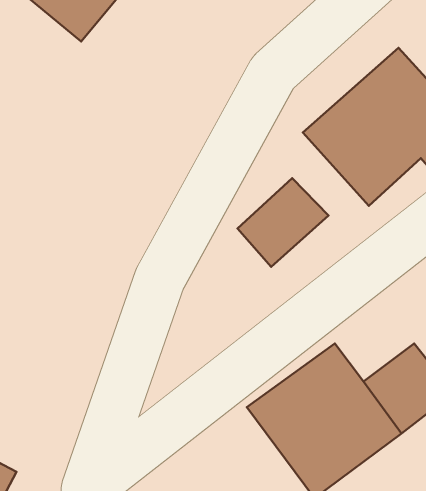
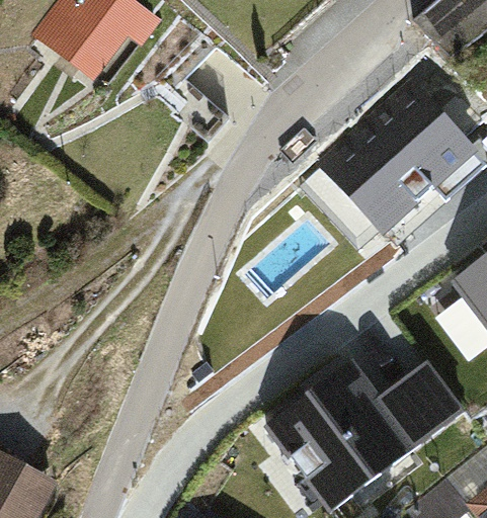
building: [237,178,328,267] -> none

